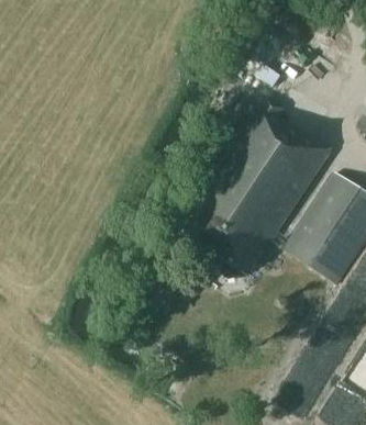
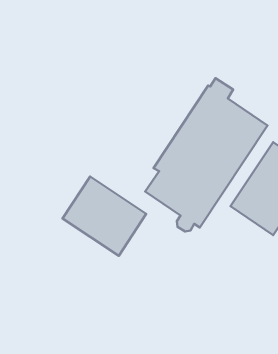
building: none -> [63,176,146,256]

